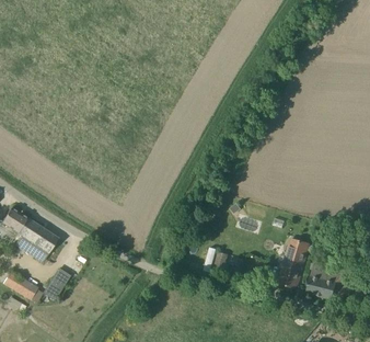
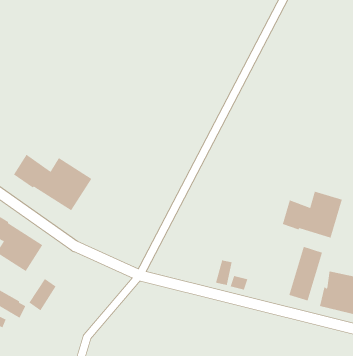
building: none -> [13,154,92,211]
building: none -> [282,191,343,238]

